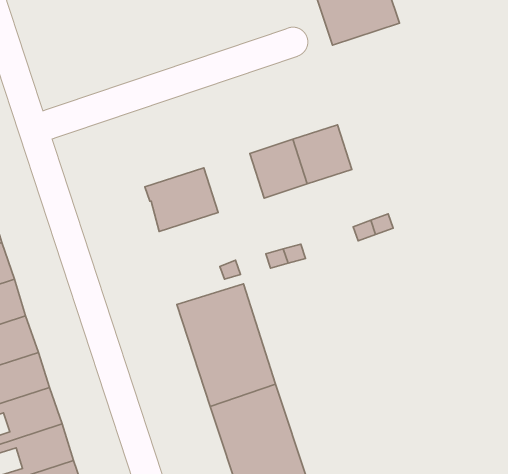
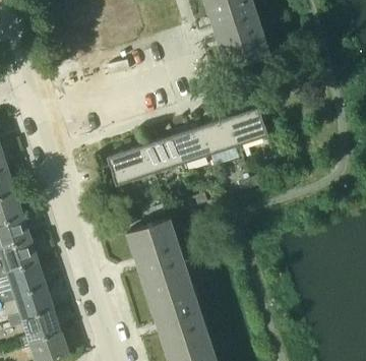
building: none -> [229,107,266,144]
building: none -> [143,134,182,172]

